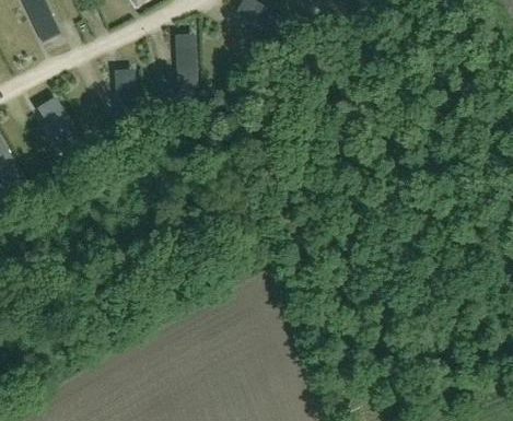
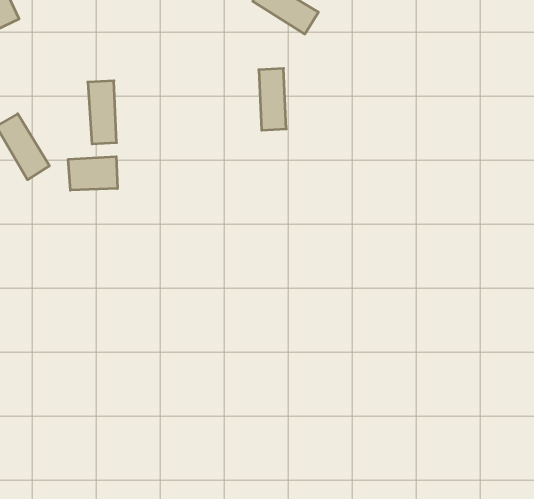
building: [173,40,195,90] -> [259,68,286,130]
building: none -> [68,157,117,190]

